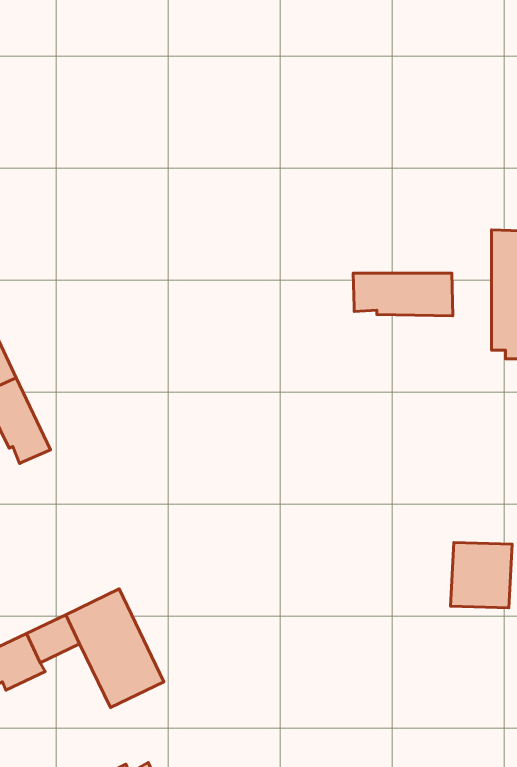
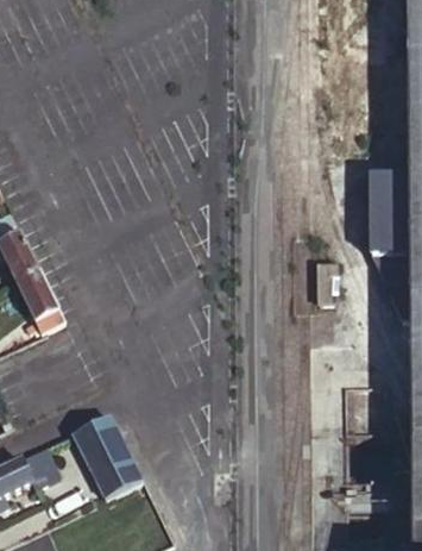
building: [353,273,453,316] -> none

